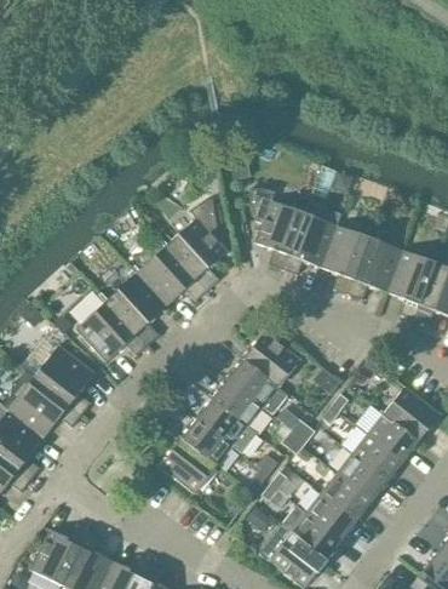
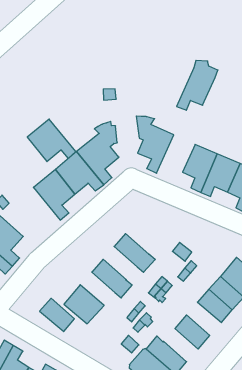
building: [282,202,339,275] -> [177,60,218,110]
building: [75,301,147,362] -> [27,119,76,162]
building: [242,331,300,388] -> none
building: [212,379,262,427] -> none
building: [180,418,231,465] -> [40,298,74,332]
building: [337,453,387,501] -> none
building: [305,493,356,541] -> none

